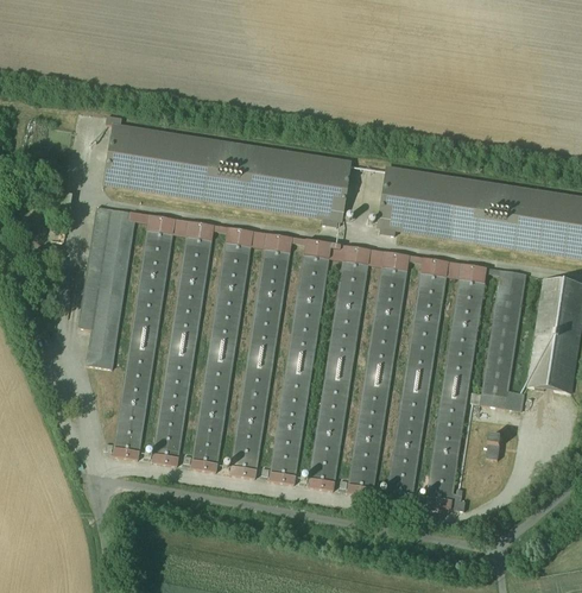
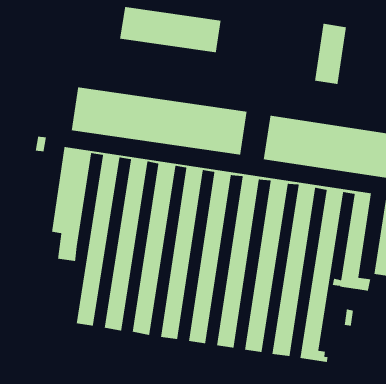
building: none -> [119,6,222,53]
building: none -> [314,23,347,85]

